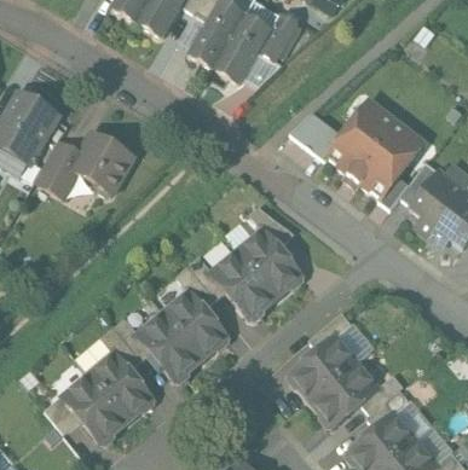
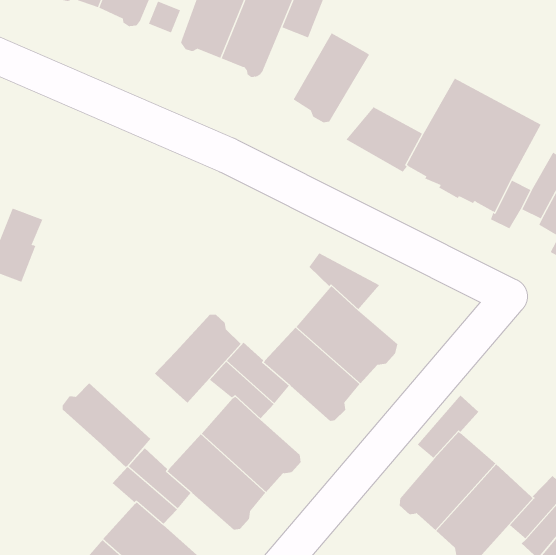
building: none -> [293,33,370,123]
building: [71,134,135,198] -> none
building: none -> [154,314,241,404]
building: none -> [62,383,151,468]

